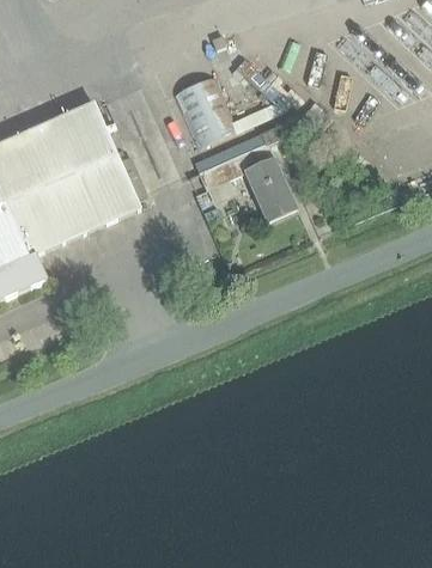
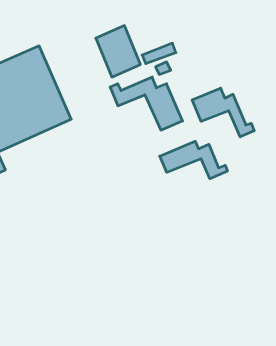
building: none -> [192,88,254,137]
building: none -> [160,141,227,179]

